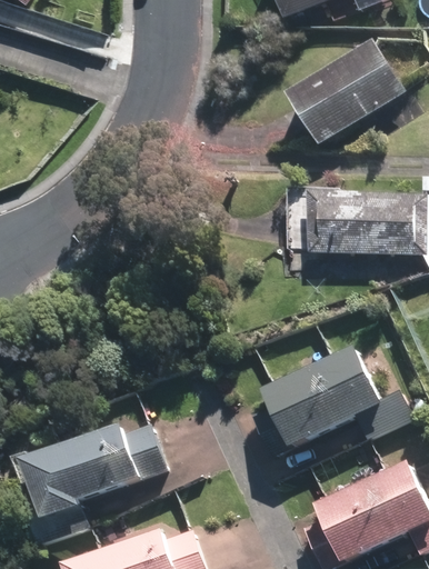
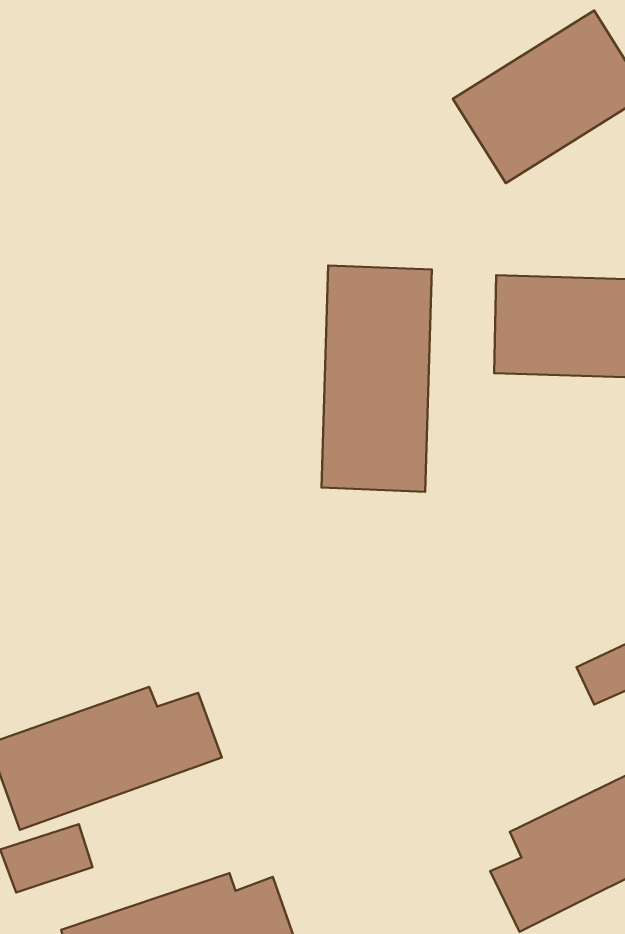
building: none -> [321,265,432,492]
building: [257,352,377,448] -> none

